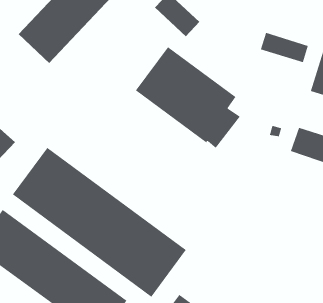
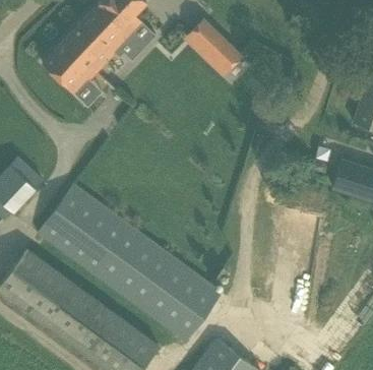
building: [260,32,309,63] -> none
building: [135,46,241,149] -> none

